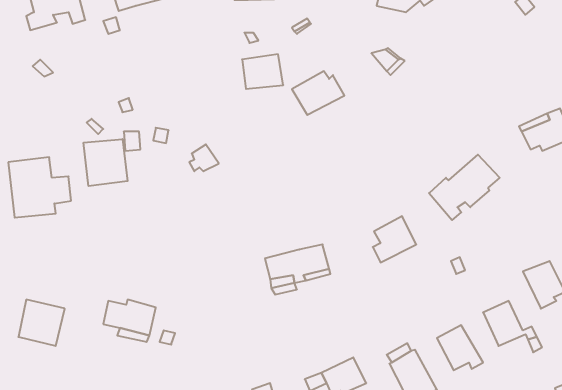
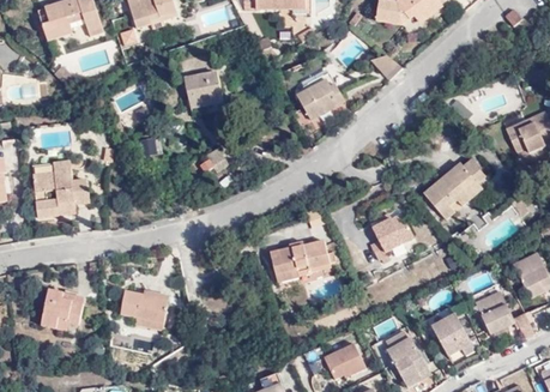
building: [242,54,283,89] -> [182,73,220,105]
building: [84,139,128,186] -> none

